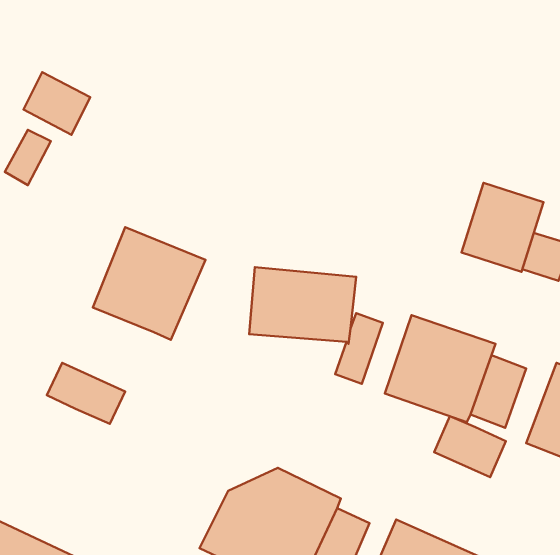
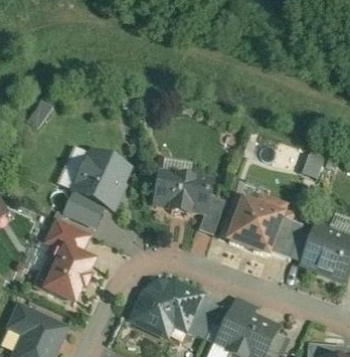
building: [24,72,90,135] -> none
building: [462,183,543,272] -> none
building: none -> [63,193,104,226]
building: none -> [42,246,94,303]
building: [434,416,506,477] -> none

